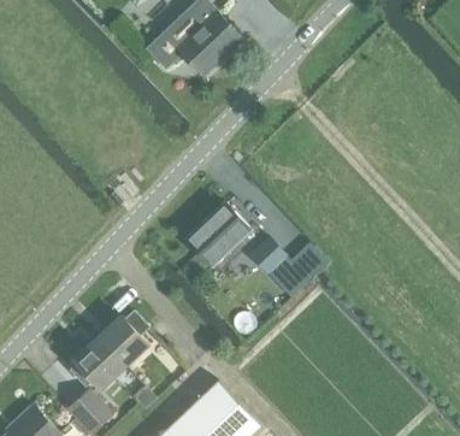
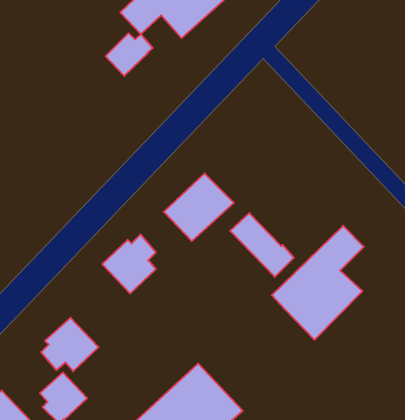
building: none -> [106,33,153,76]
building: none -> [272,226,364,340]
building: [98,310,148,365] -> [102,235,156,293]

